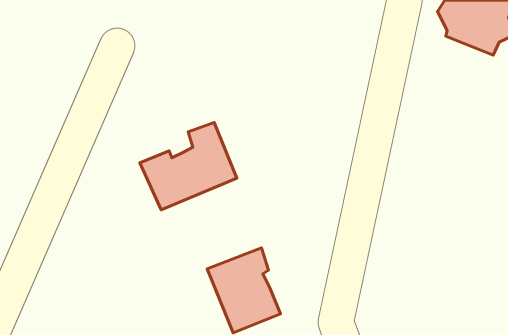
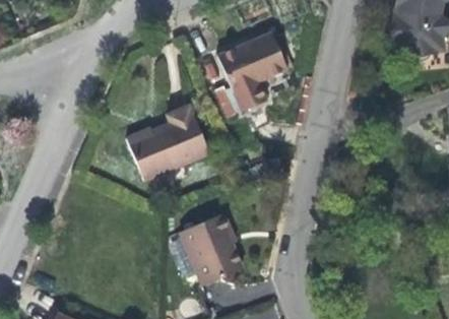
building: none -> [218,33,288,113]

